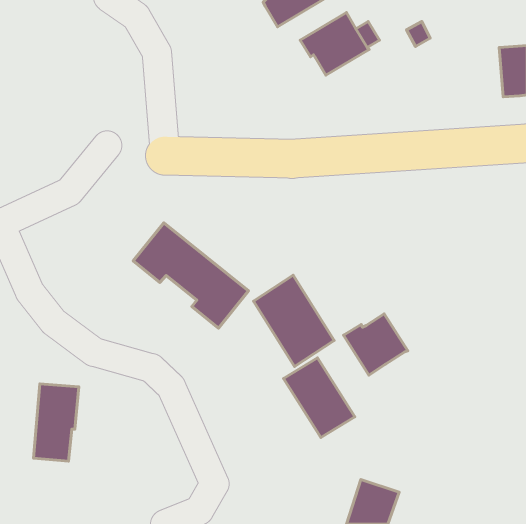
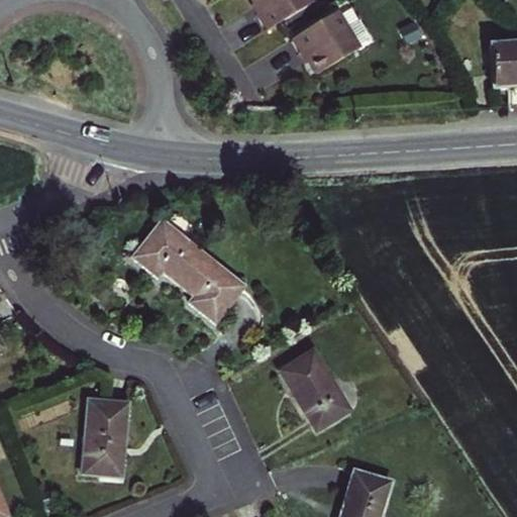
building: [253,275,334,367] -> none
building: [343,314,408,375] -> none
building: [34,384,79,461] -> [82,399,126,475]

